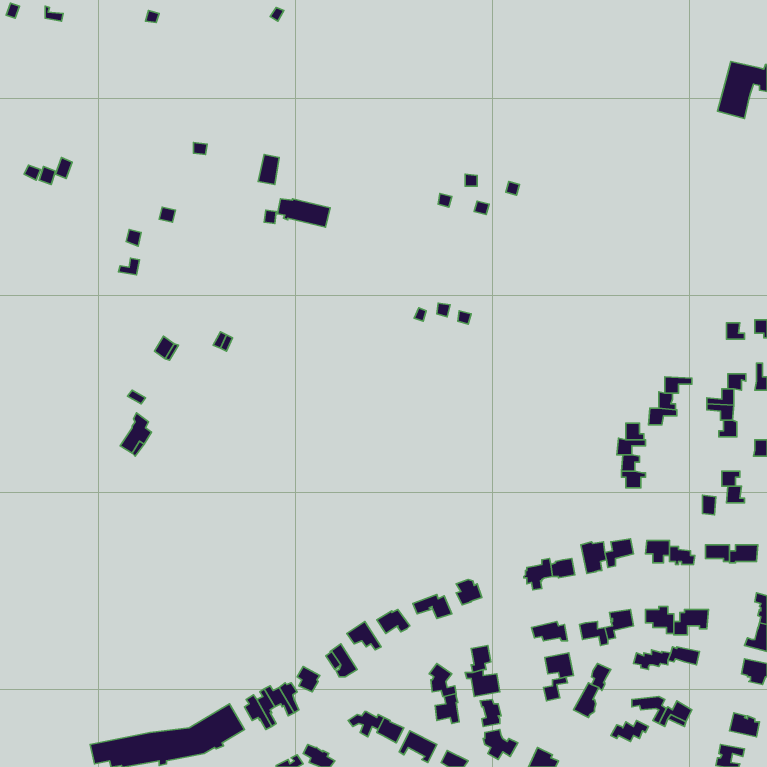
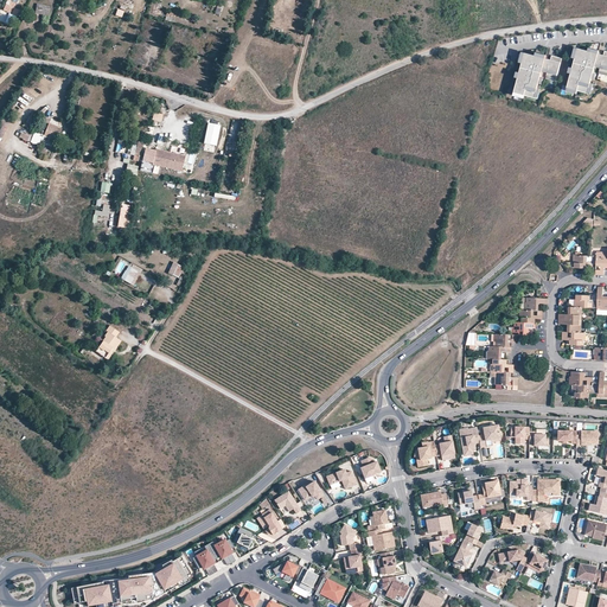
building: none -> [515,52,562,97]
building: [277,199,330,227] -> [143,148,185,171]

